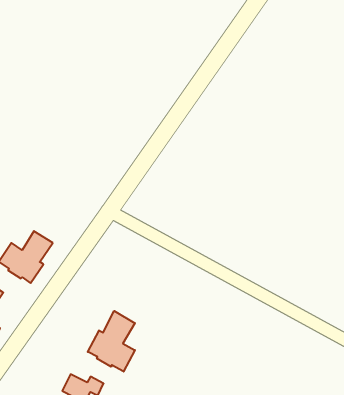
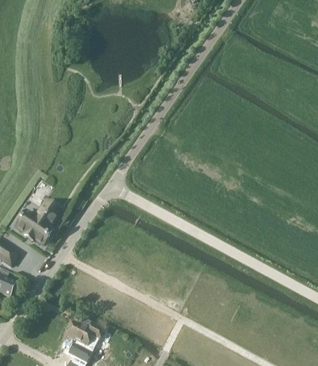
building: [88,311,135,372] -> none

